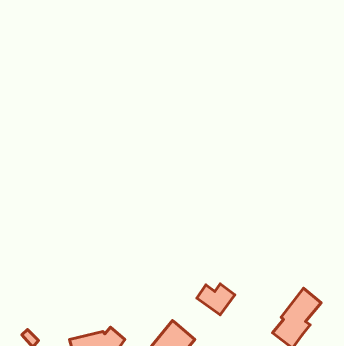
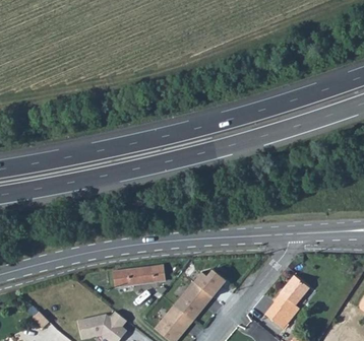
building: none -> [111,265,164,287]
building: none -> [174,282,213,321]

